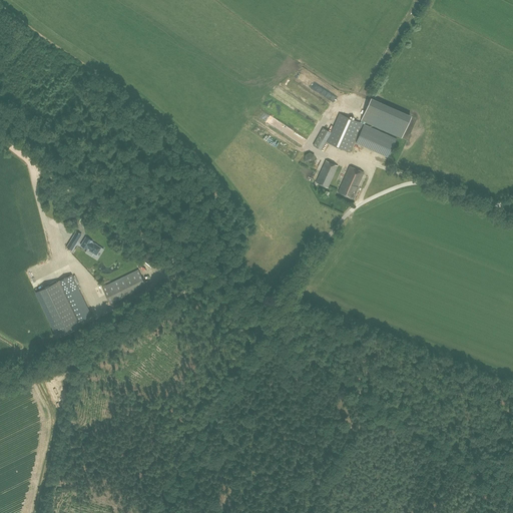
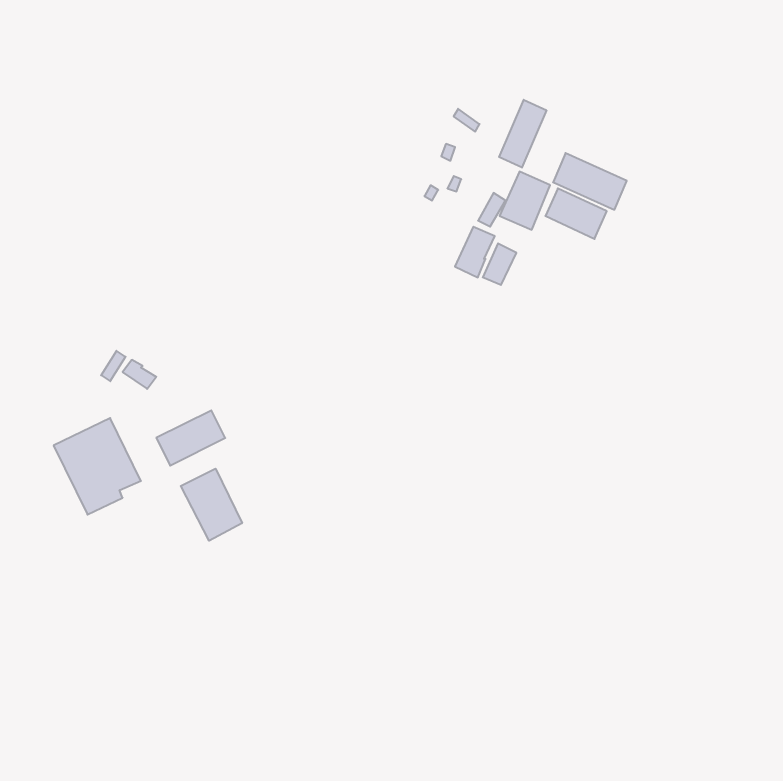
building: none -> [499,100,546,168]
building: [338,165,364,198] -> [455,227,495,277]
building: none -> [181,469,242,541]

